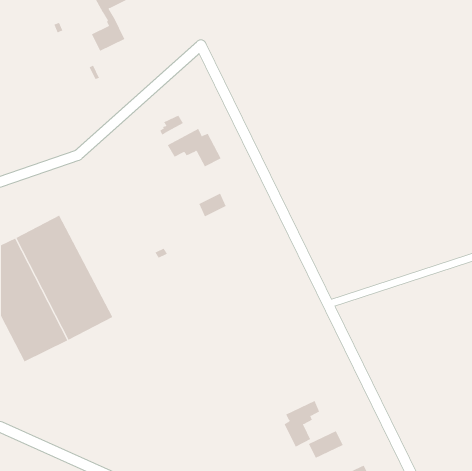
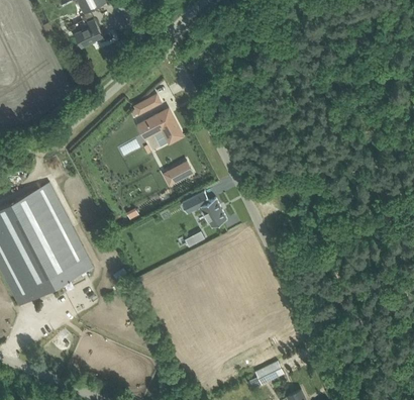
building: none -> [182,191,227,227]
building: [284,400,320,447] -> none

